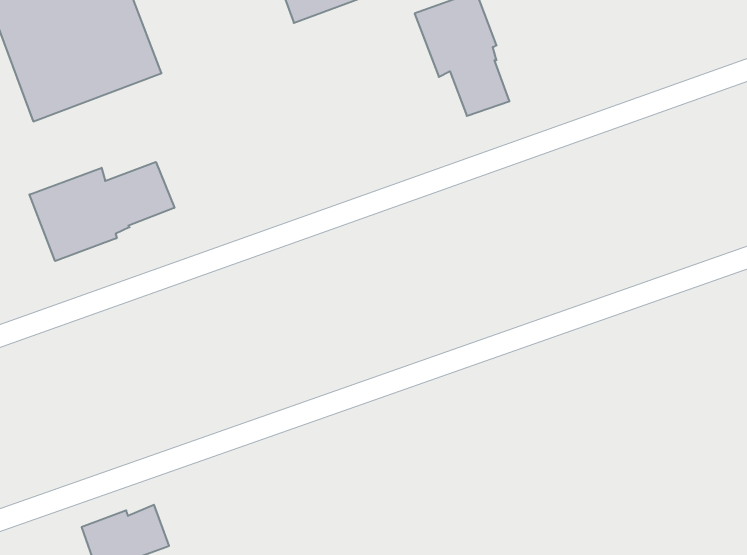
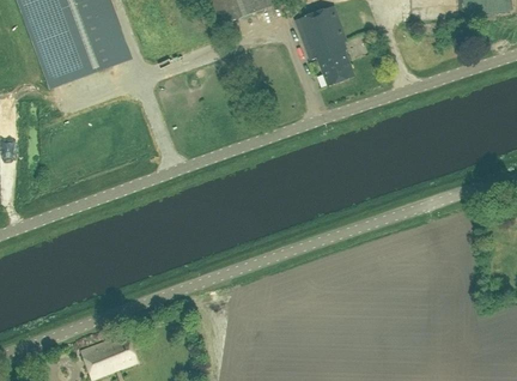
building: [29,162,174,261] -> none

